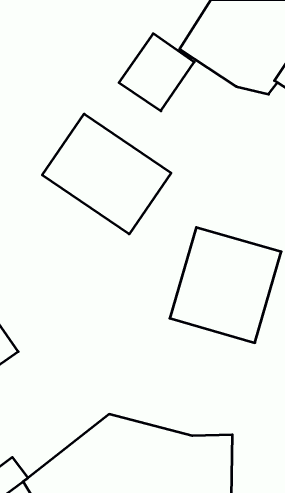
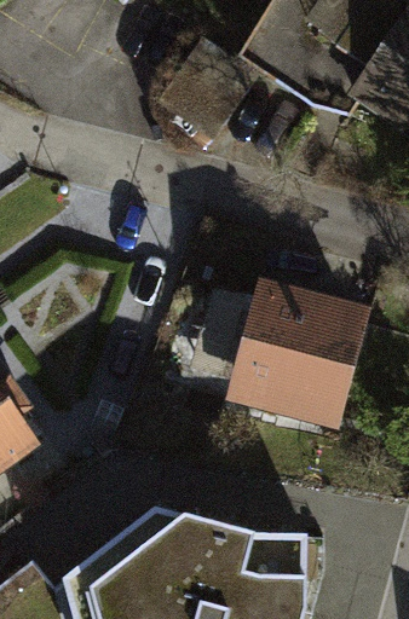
building: [42,114,171,234] -> none

